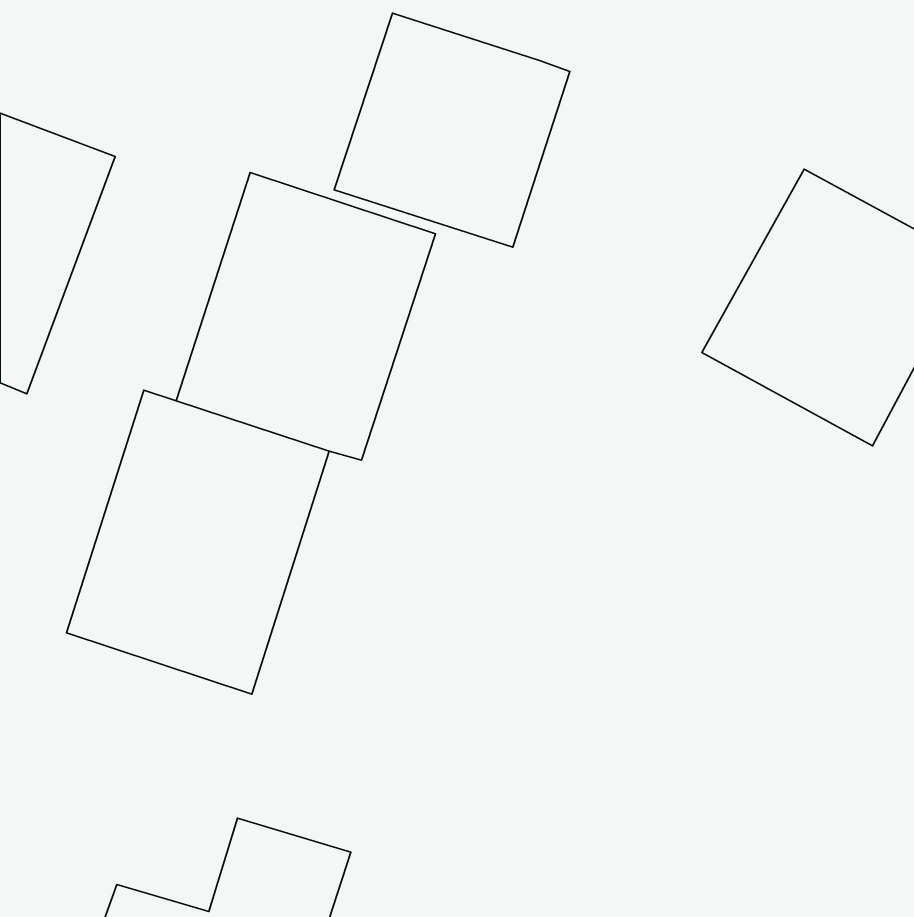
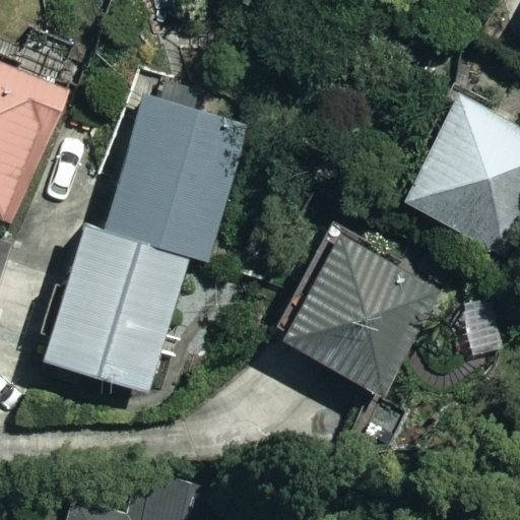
building: [334,13,570,247] -> none
building: none -> [273,228,444,399]

